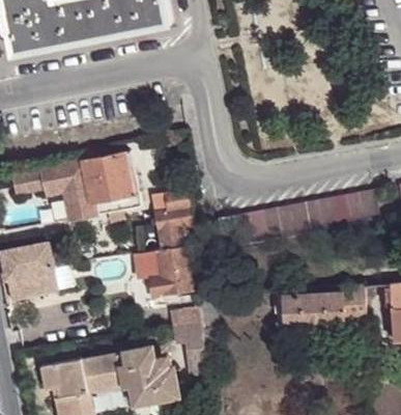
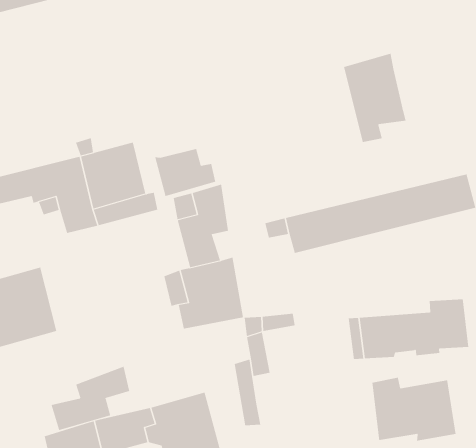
building: none -> [344,53,406,143]
building: none -> [154,148,216,197]
building: none -> [51,366,130,431]
building: none -> [372,377,456,441]

